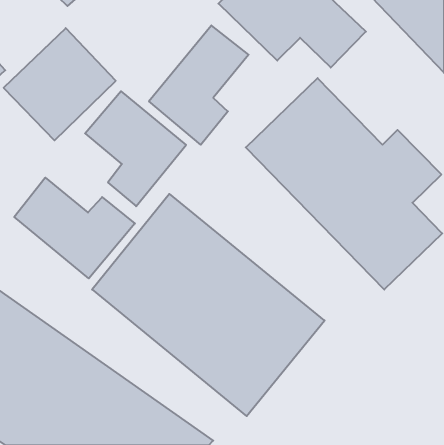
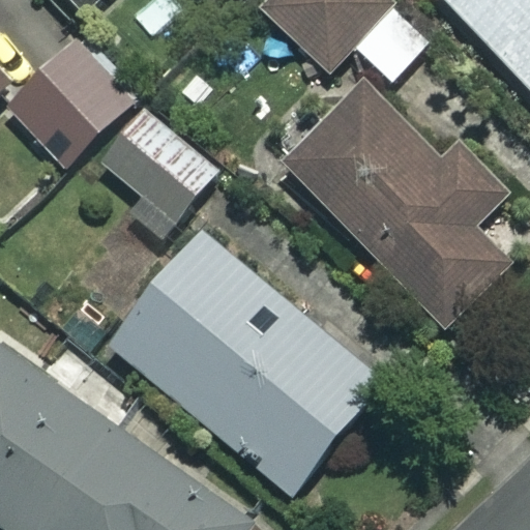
building: [149,25,249,145] -> none
building: [14,178,135,278] -> none

